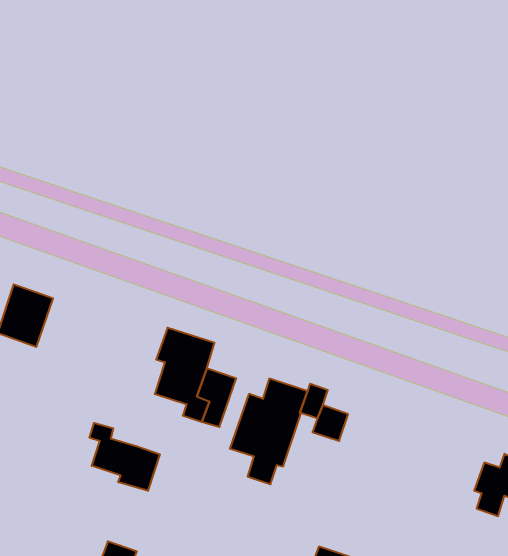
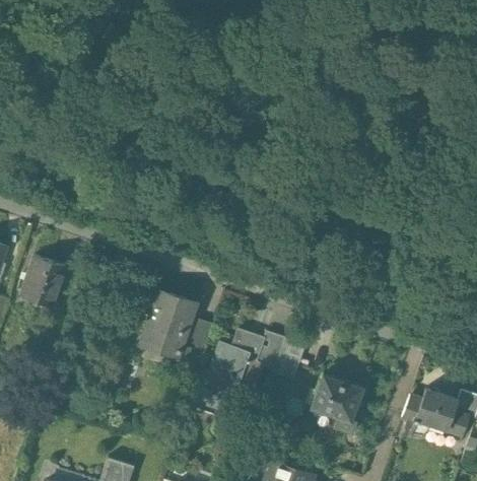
building: [89,423,160,491] -> none
building: none -> [311,374,364,434]

